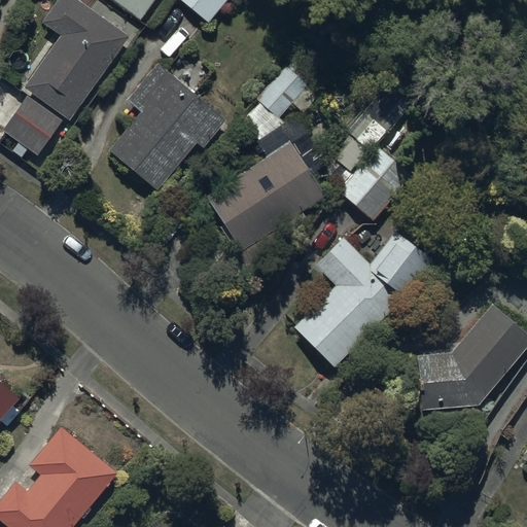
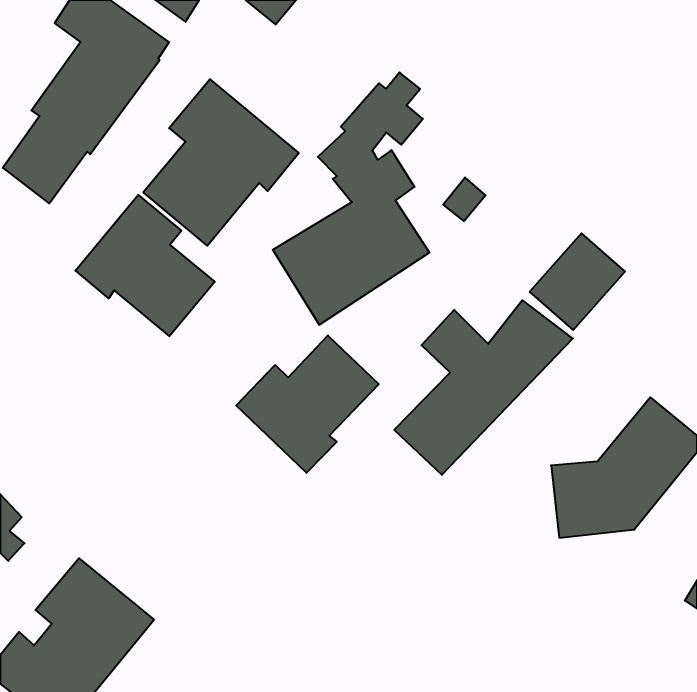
building: [339,146,411,219] -> [530,233,625,330]
building: none -> [75,195,215,336]
building: none -> [236,335,379,473]

